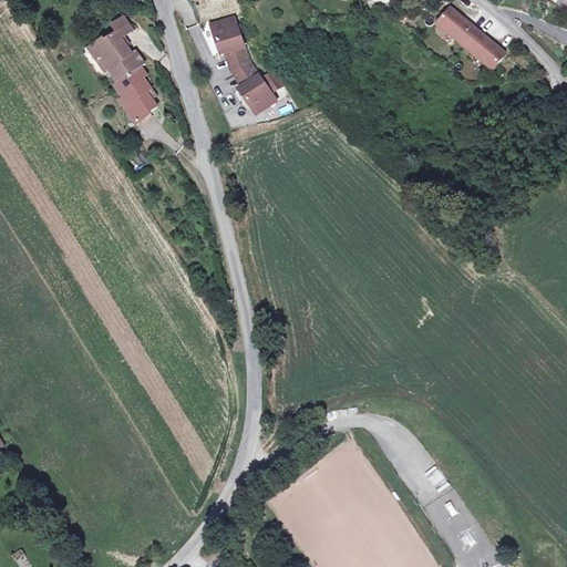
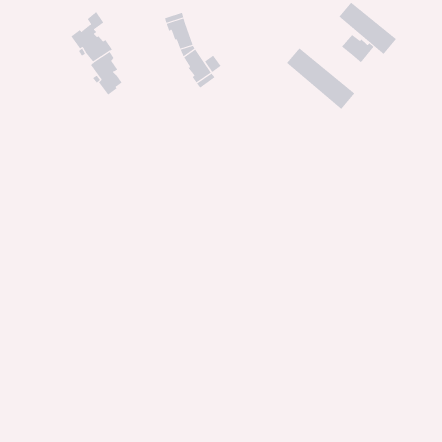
building: none -> [341,34,374,63]
building: none -> [286,47,355,110]

